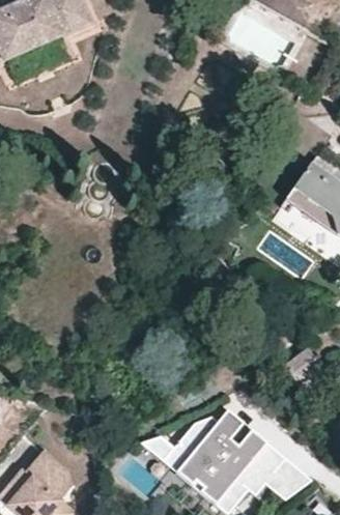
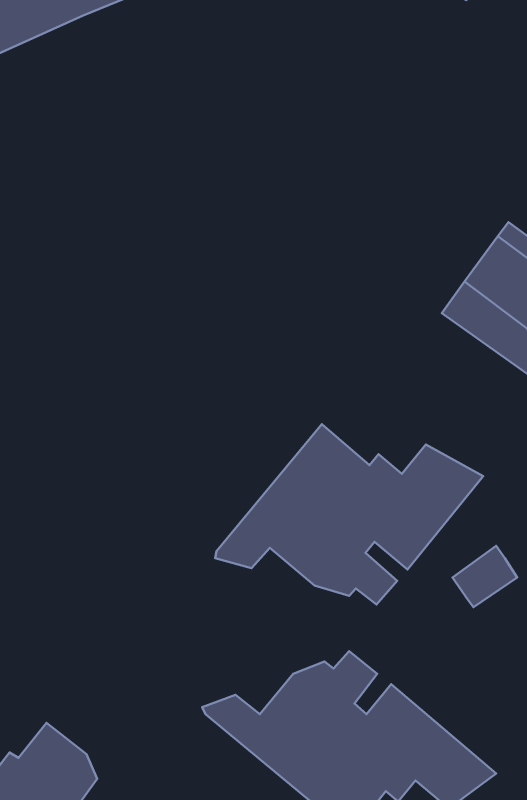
building: none -> [215,424,483,605]

